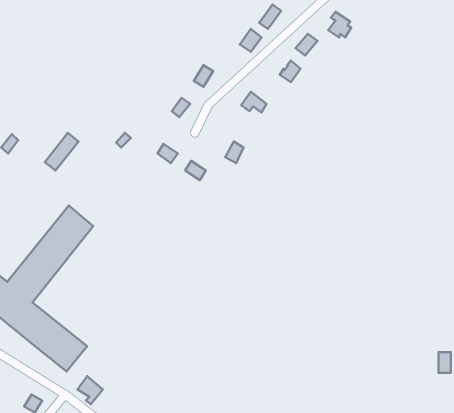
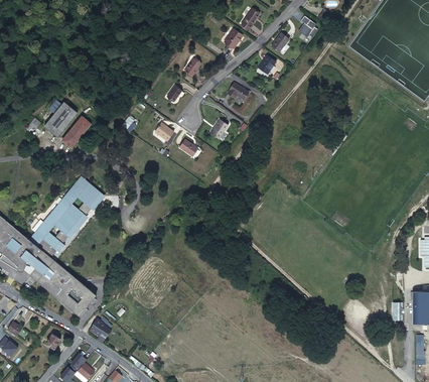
building: none -> [43,101,76,136]

